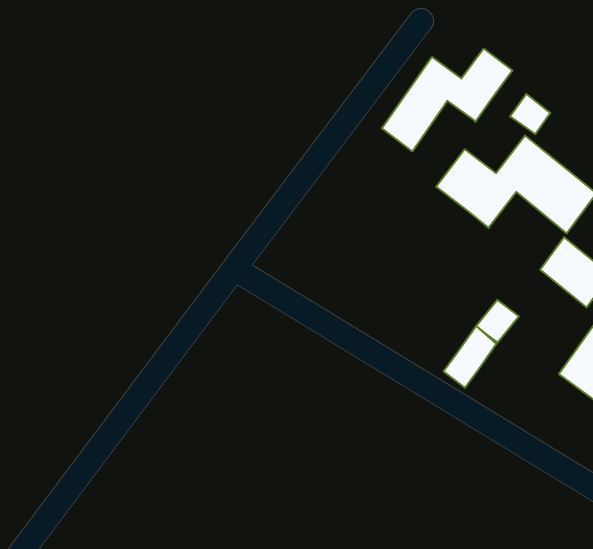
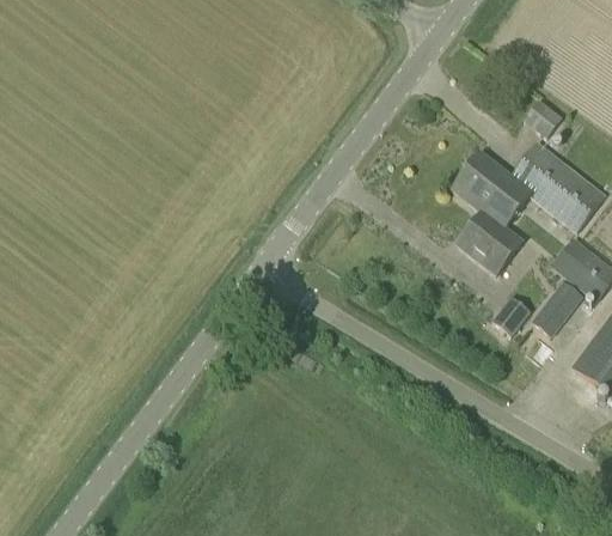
building: [382,49,513,151] -> none
building: none -> [458,212,521,274]
building: [444,326,496,388] -> [532,280,582,339]

